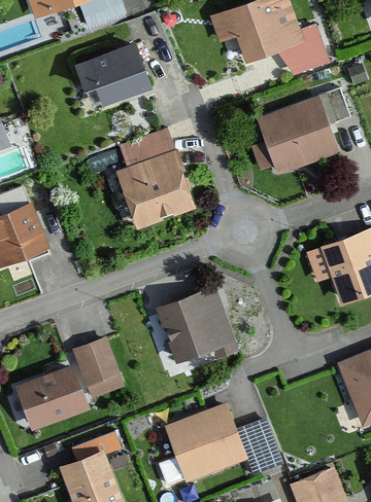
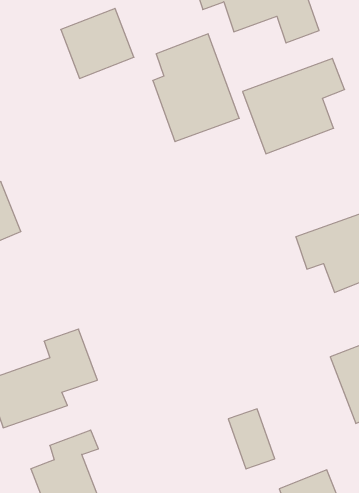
building: [115,129,196,228] -> [153,34,239,142]
building: [156,287,234,362] -> none
building: [165,405,245,482] -> none

